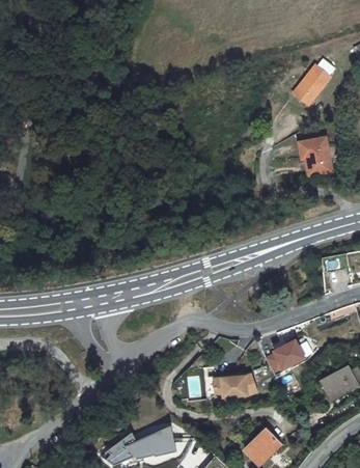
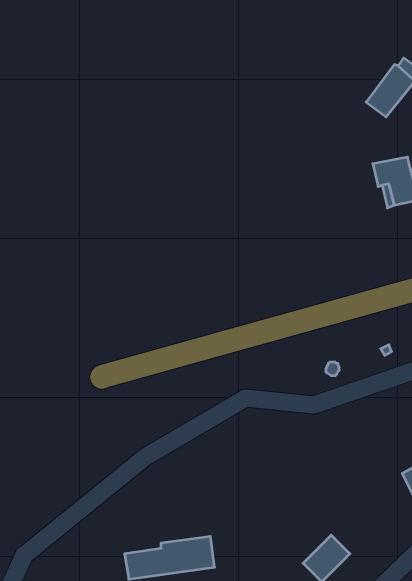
building: [266,338,305,373] -> none
building: [204,373,256,397] -> none

